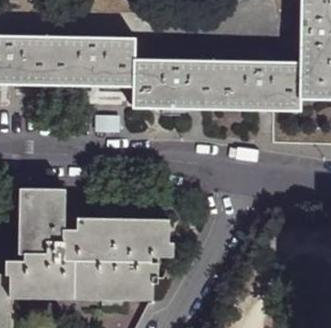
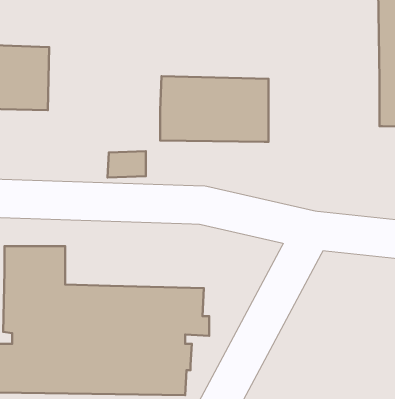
building: [50,37,137,85] -> none
building: [217,61,303,110] -> none

